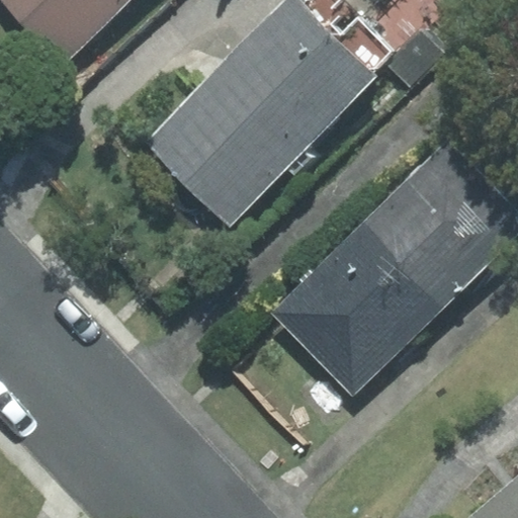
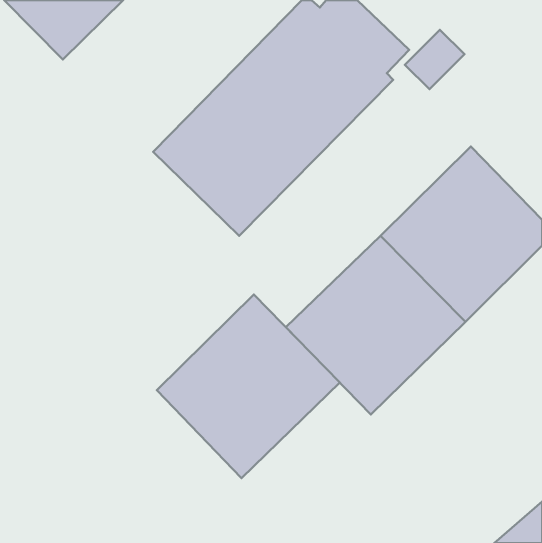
building: none -> [157,295,340,478]

